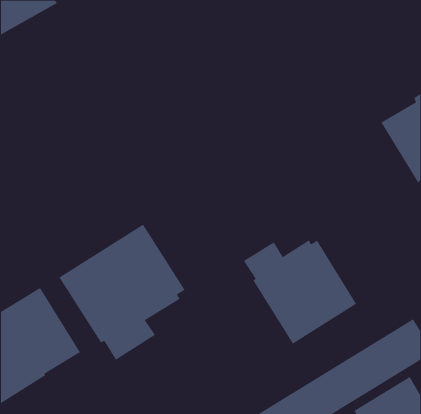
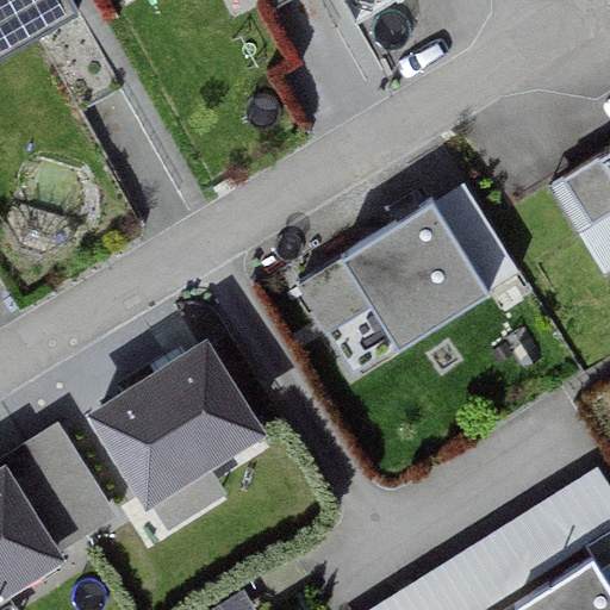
building: none -> [298,186,519,353]
building: [243,239,357,345] -> none

